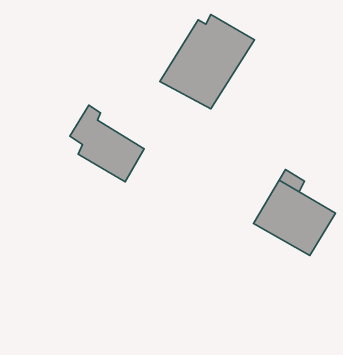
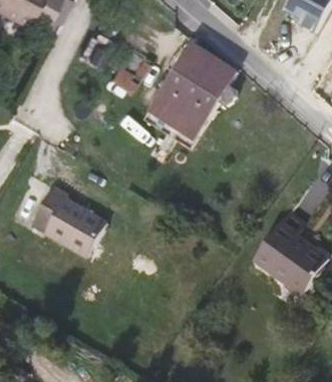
building: [70,105,144,182] -> [35,182,105,255]

